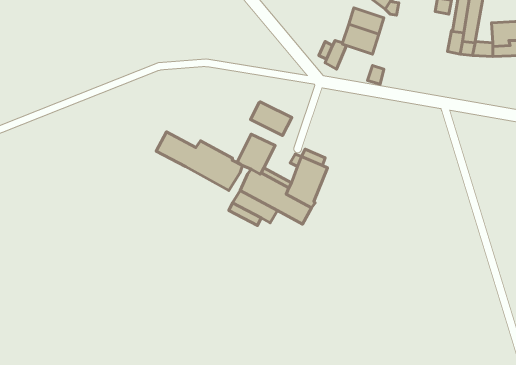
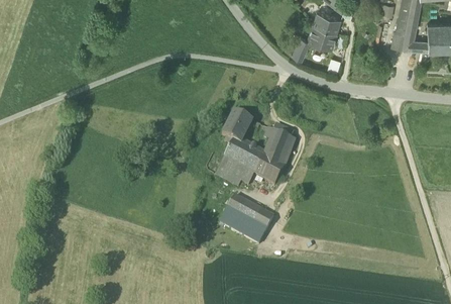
building: [251,102,292,135] -> none
building: [156,132,243,190] -> none
building: none -> [220,193,273,241]

